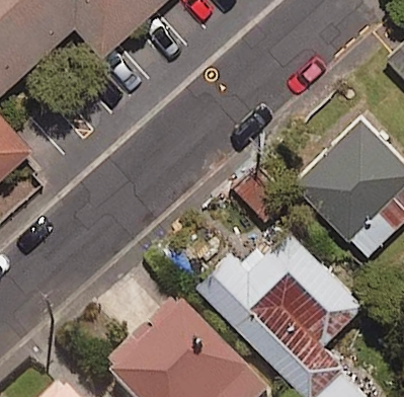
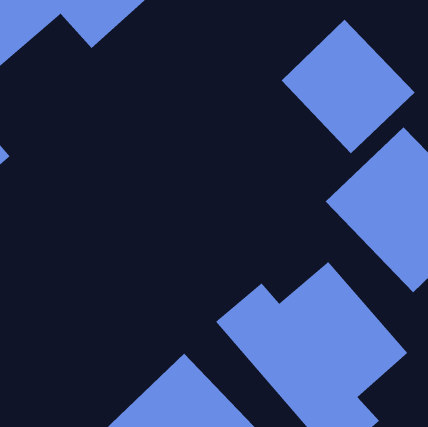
building: none -> [281,19,415,154]

